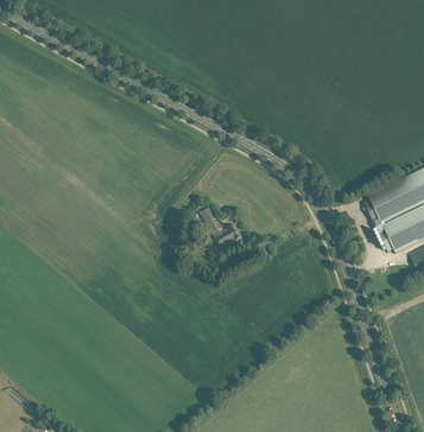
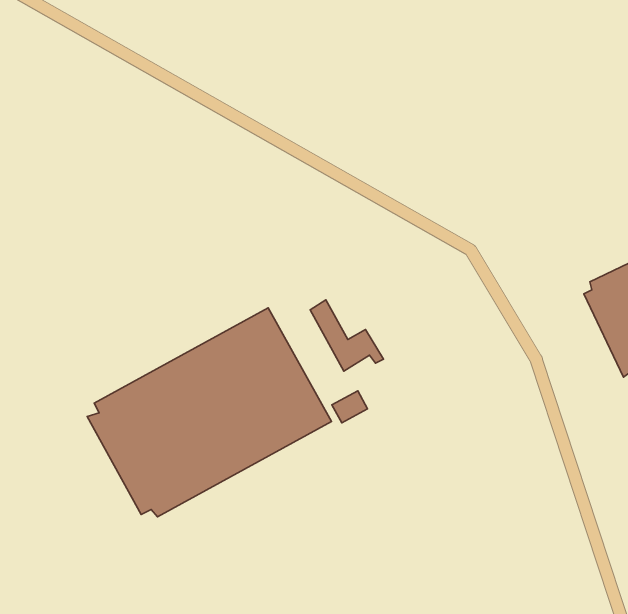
building: none -> [87,308,332,517]

